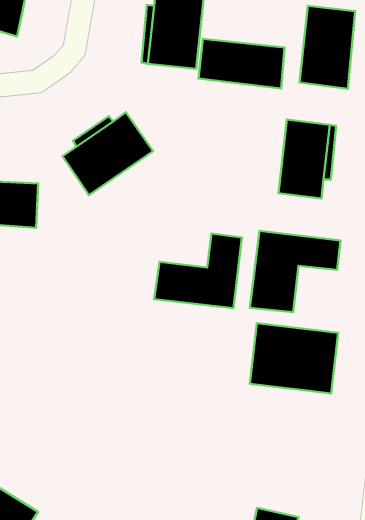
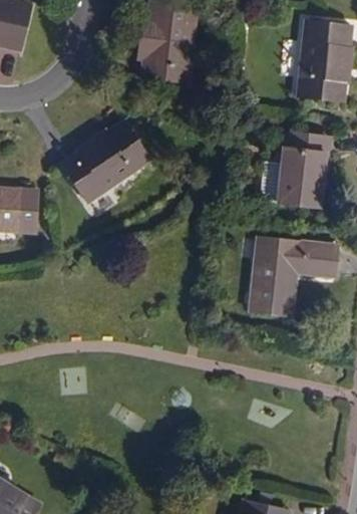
building: [198,39,285,88] -> none
building: [154,234,242,308] -> none
building: [250,323,338,393] -> none

